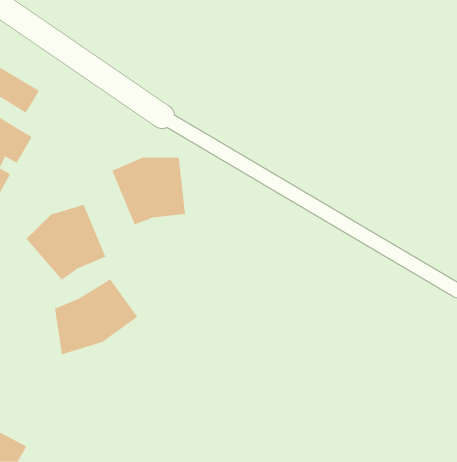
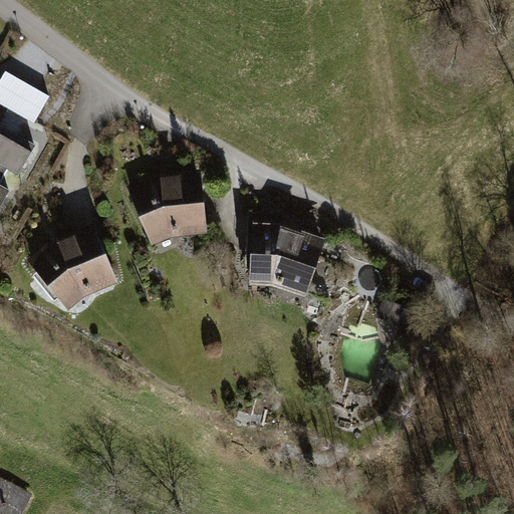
building: none -> [249,221,324,298]
building: [54,279,138,355] -> none

